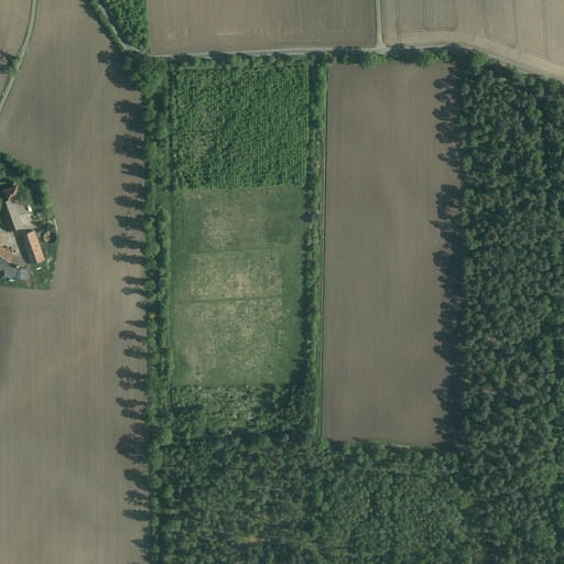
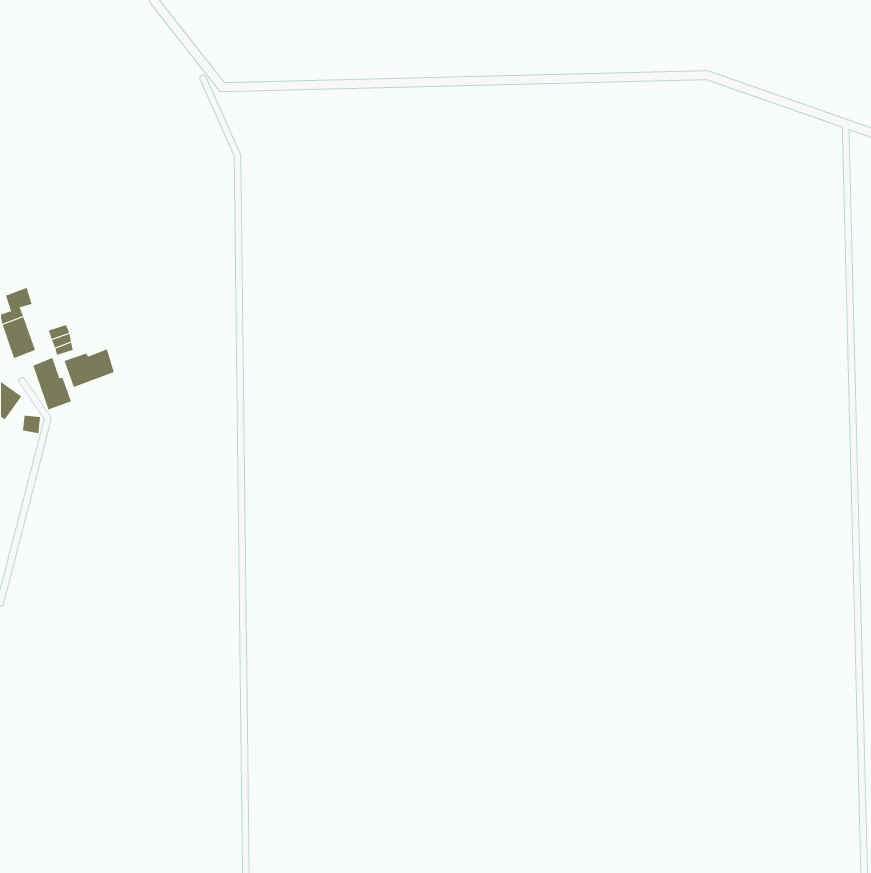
building: none -> [64,349,114,388]

